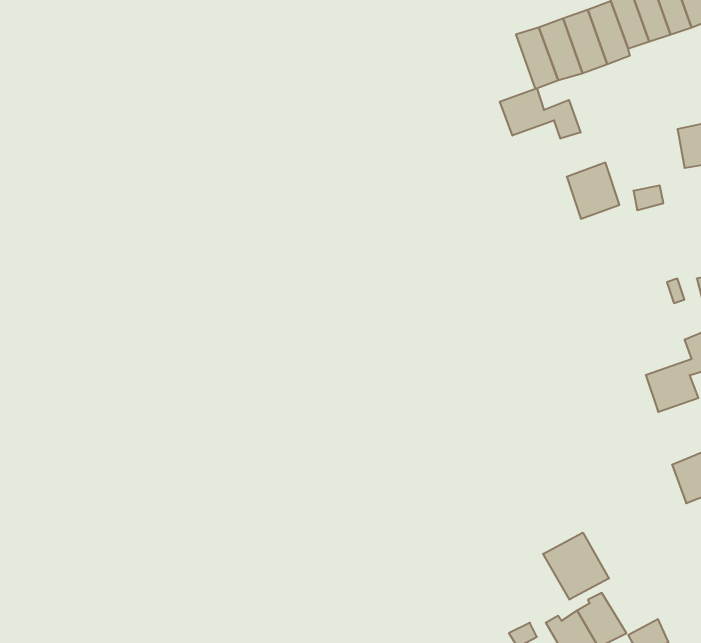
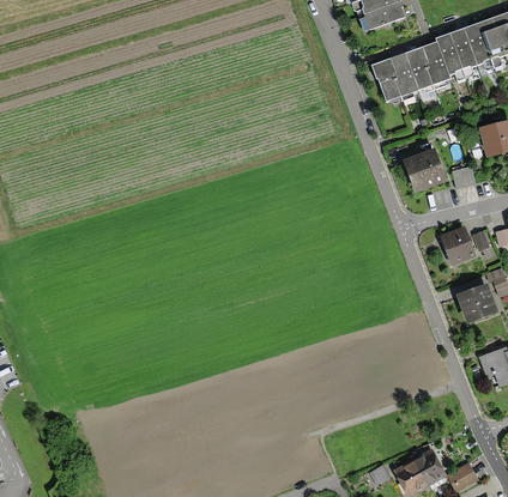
building: [500,88,581,139] -> none
building: none -> [442,228,474,262]
building: [543,533,609,600] -> none

